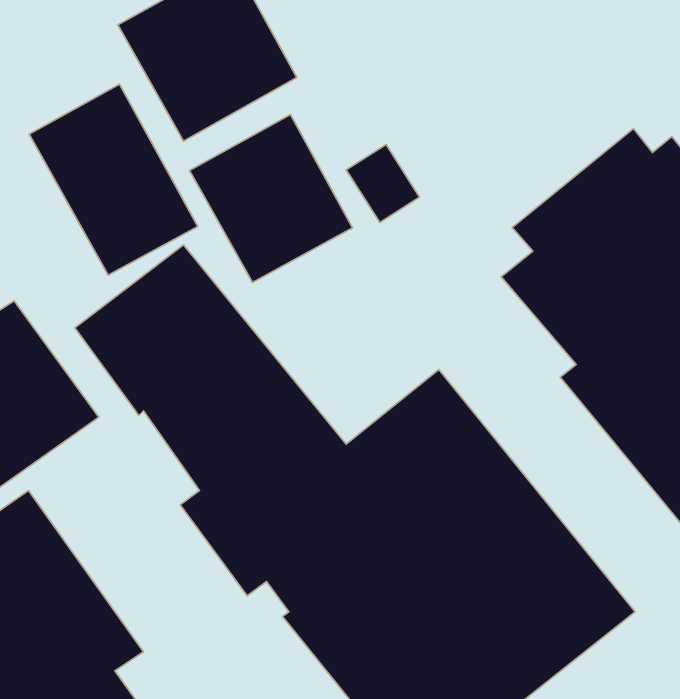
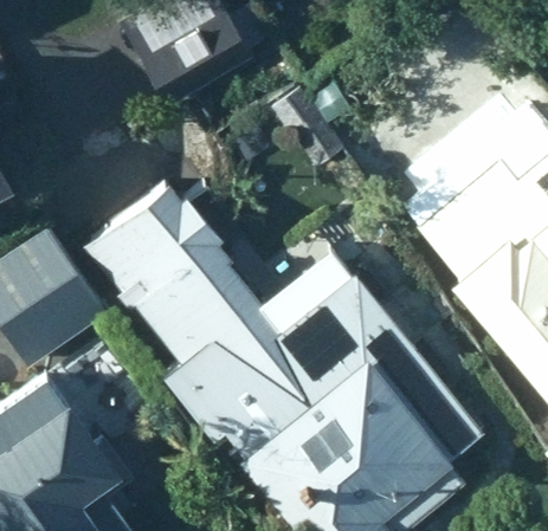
building: [29,84,198,275] -> none
building: [190,114,353,282] -> none

